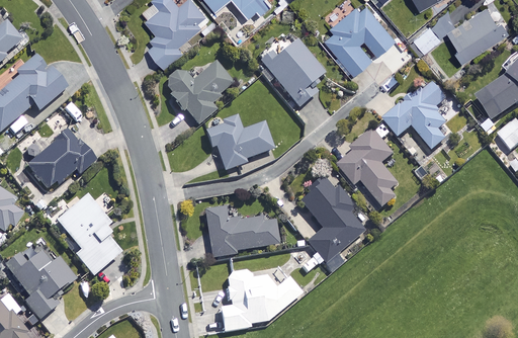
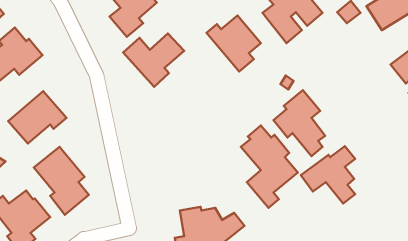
building: [382,84,446,152] -> [301,146,355,204]
building: [205,116,272,172] -> none
building: [202,207,277,259] -> none

